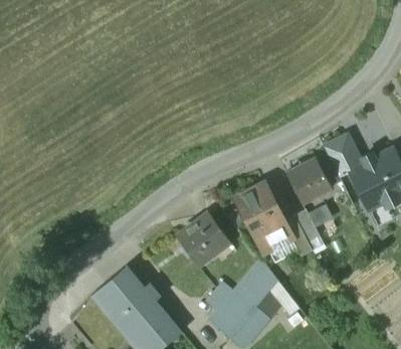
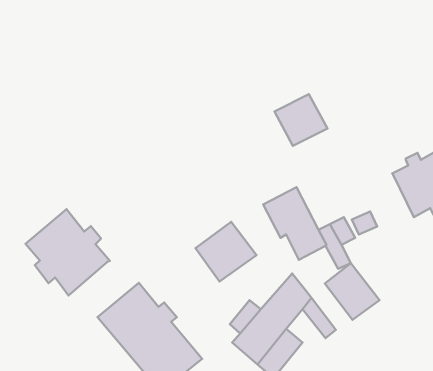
building: [324,136,363,177] -> none
building: [286,158,333,203] -> [274,94,327,146]
building: none -> [26,209,110,295]
building: none -> [325,263,379,320]

